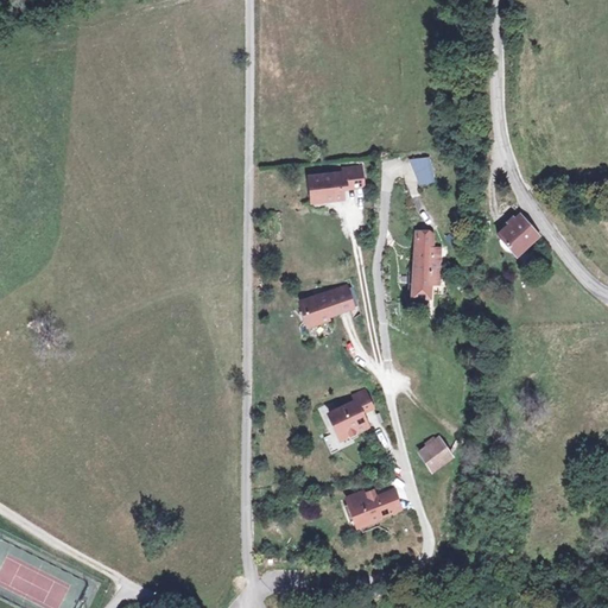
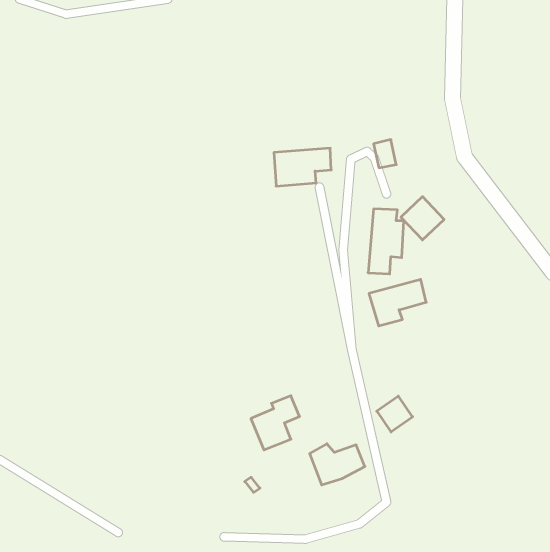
building: [494,210,542,258] -> [401,197,444,240]
building: [294,283,357,334] -> [369,279,426,326]
building: [325,387,379,446] -> [251,396,300,450]

